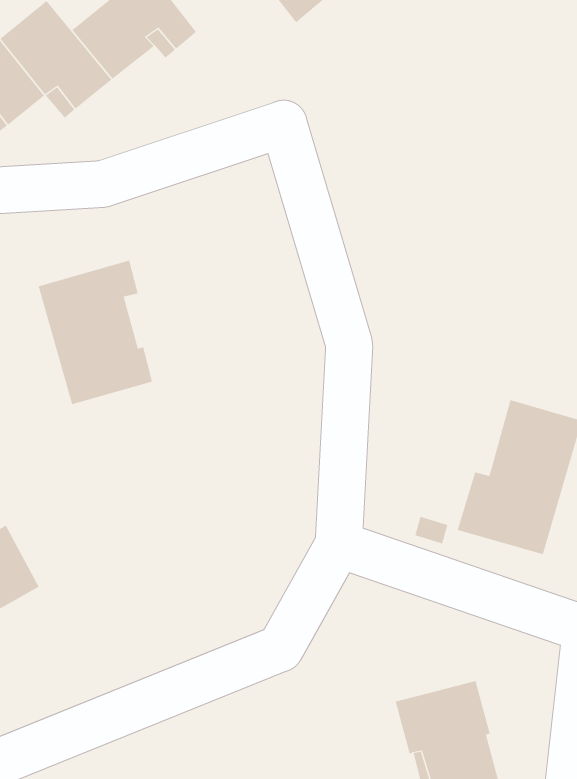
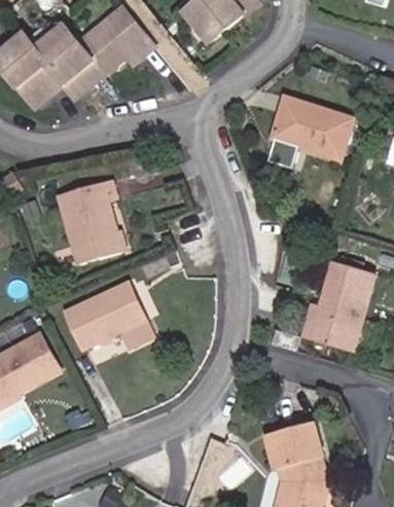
building: none -> [260,95,353,165]
building: none -> [65,282,152,348]

